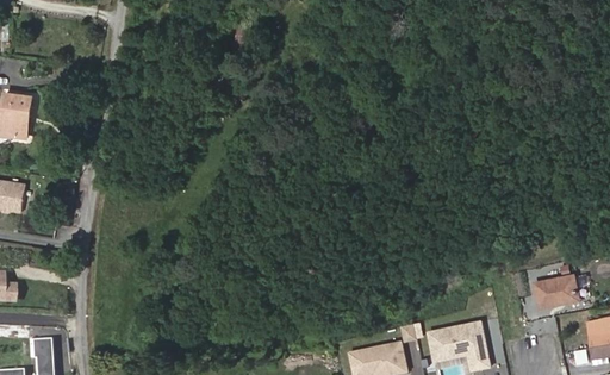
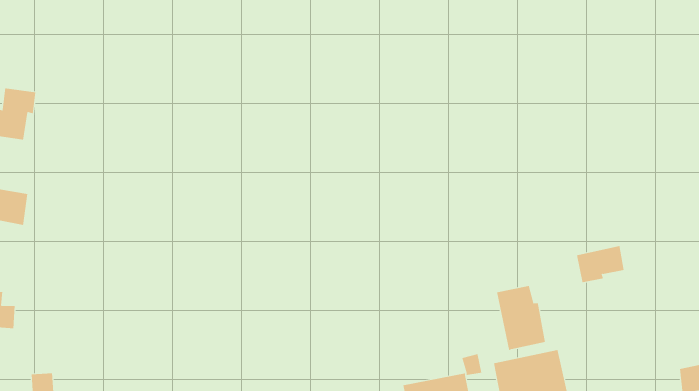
building: none -> [496,285,545,351]
building: [535,275,577,307] -> [576,246,624,283]

